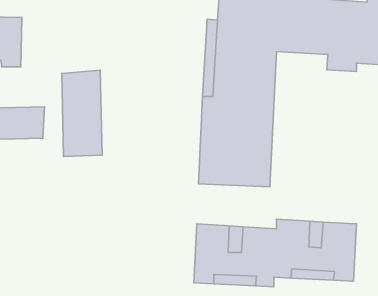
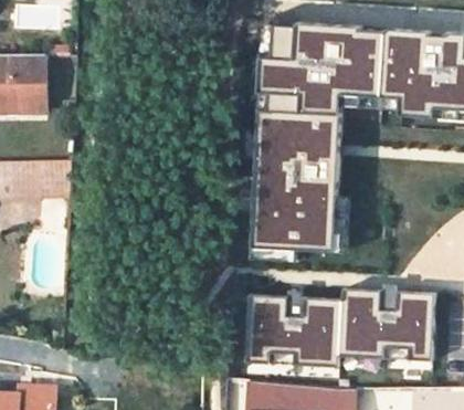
building: [62,70,102,157] -> none

